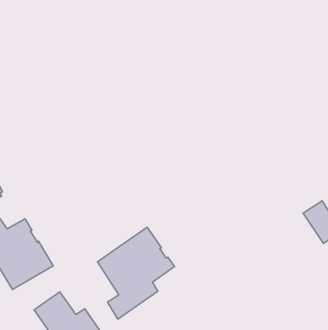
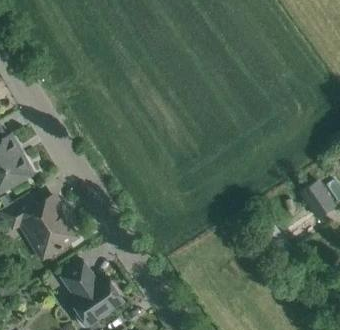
building: [97,227,174,319] -> none

